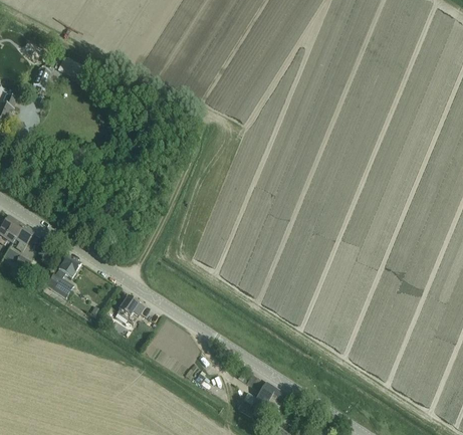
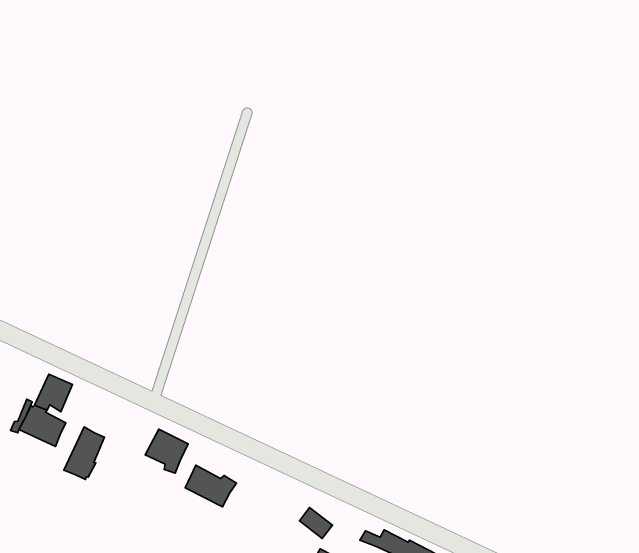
building: none -> [64,427,104,479]
building: none -> [185,465,237,507]

